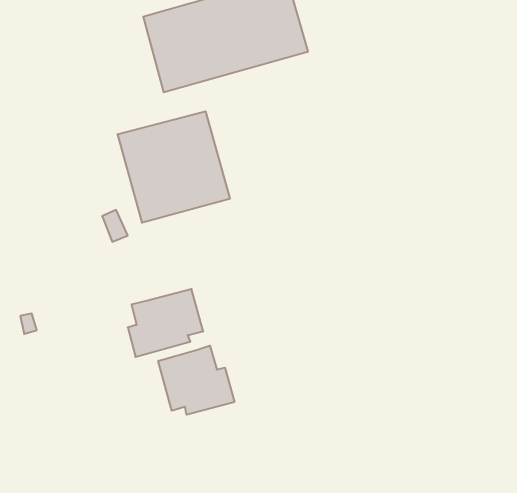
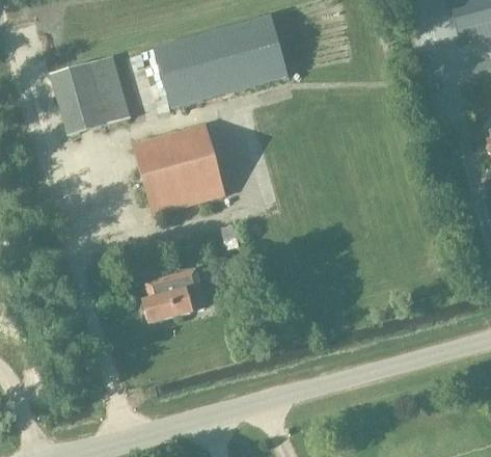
building: none -> [50,55,129,134]
building: [158,346,234,415] -> none

